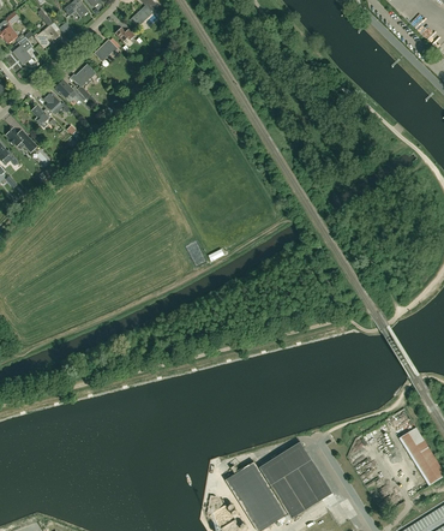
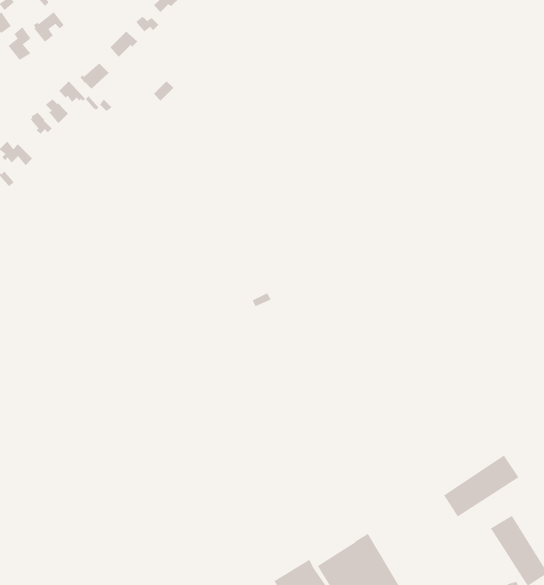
building: none -> [443,455,520,517]

